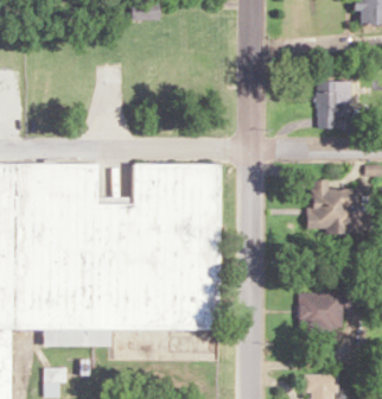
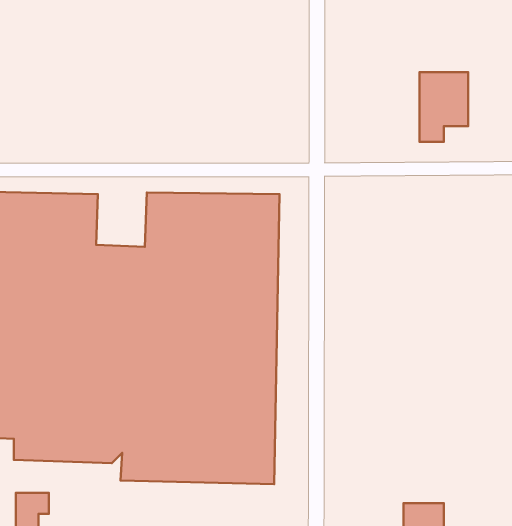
building: [307,179,370,232] -> none
building: [297,291,362,330] -> none

